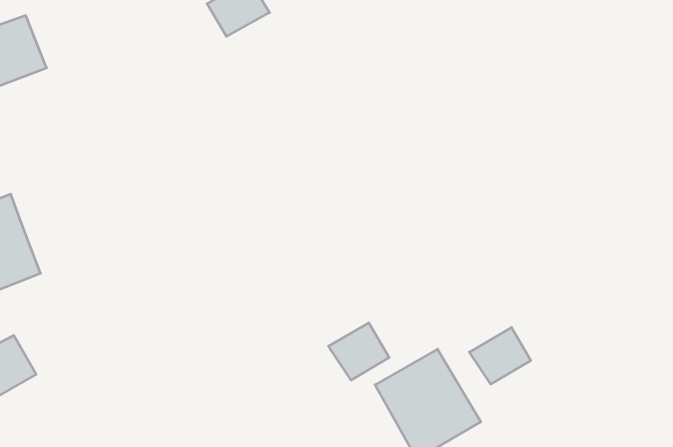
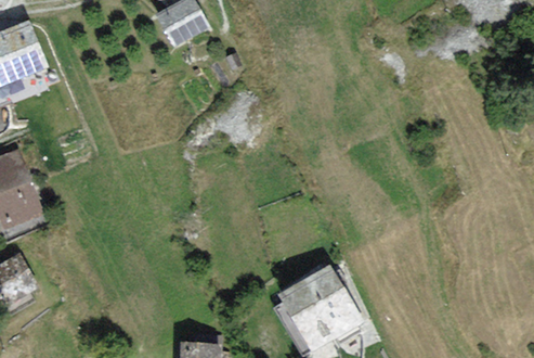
building: [329,323,389,380] -> none
building: [469,327,531,384] -> none

